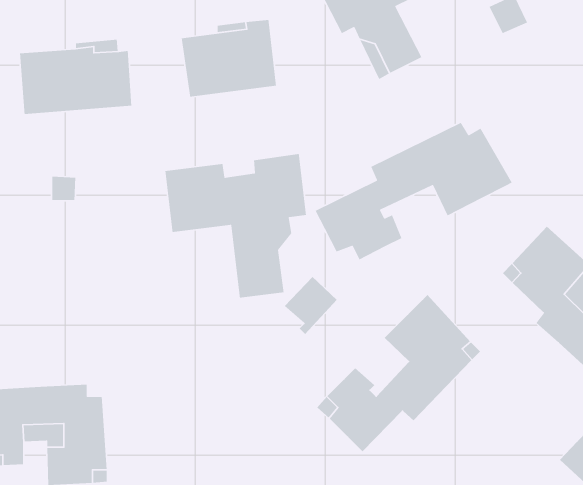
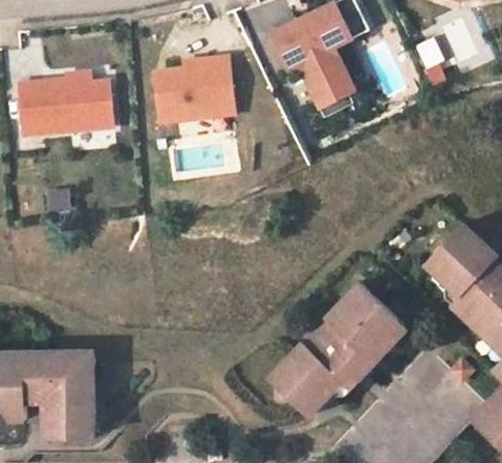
building: [315,122,513,260] -> none
building: [164,153,307,298] -> none
building: [284,276,337,335] -> [300,320,345,369]

